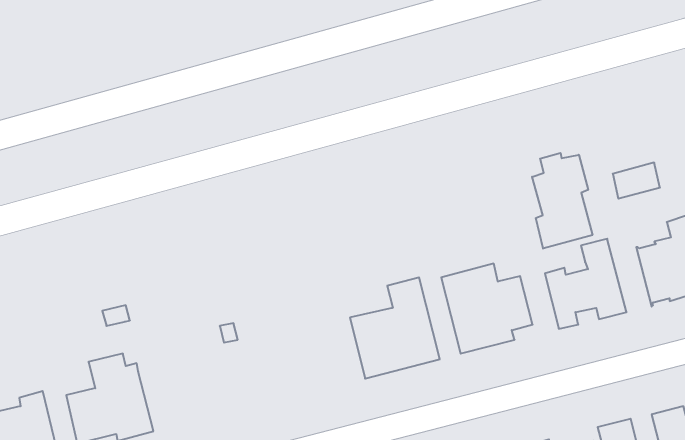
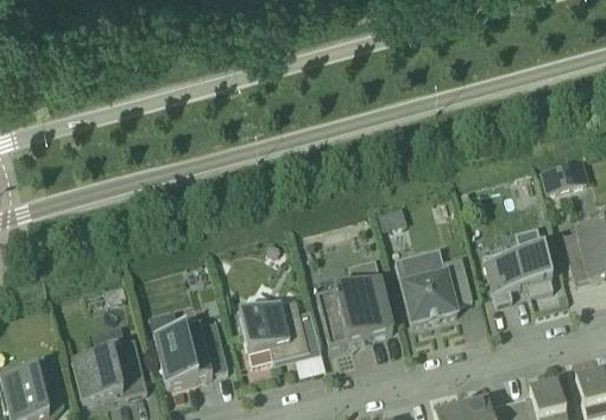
building: [532,153,592,249] -> none
building: none -> [239,303,315,368]
building: none -> [150,313,228,389]

